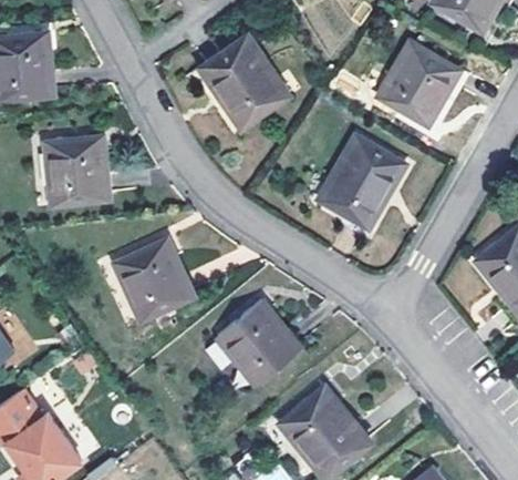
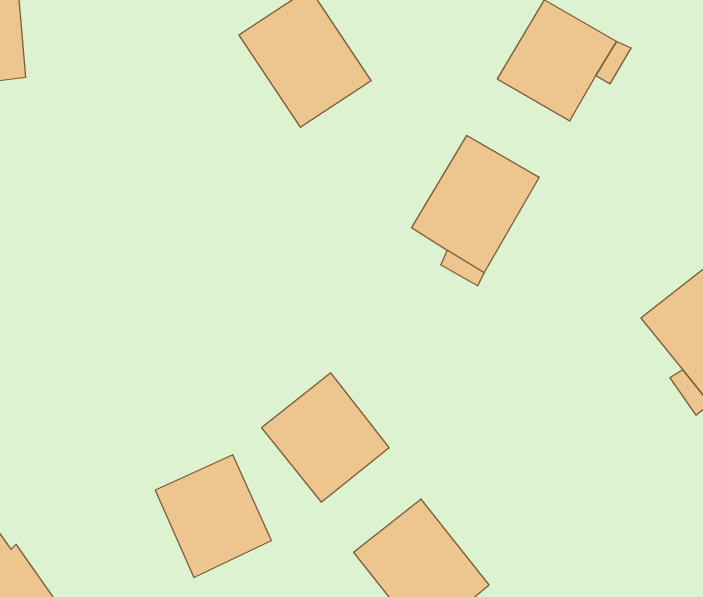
building: [44,134,108,204] -> none
building: [114,236,194,320] -> [155,455,271,578]

